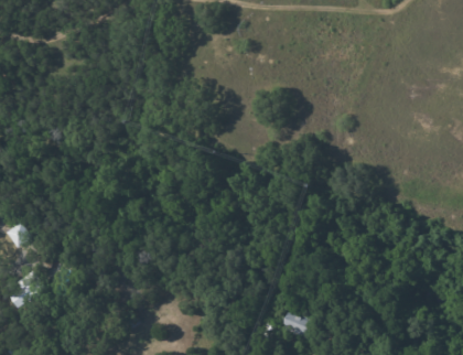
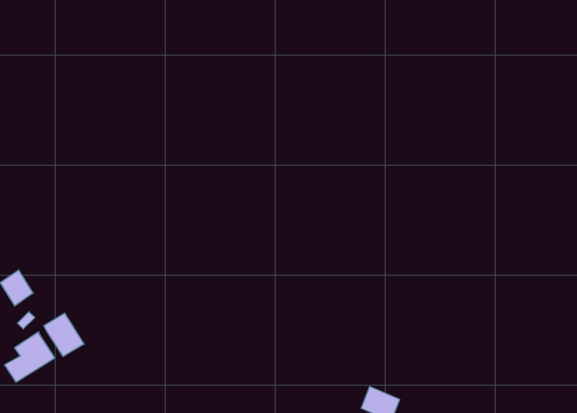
building: none -> [44,313,84,356]

